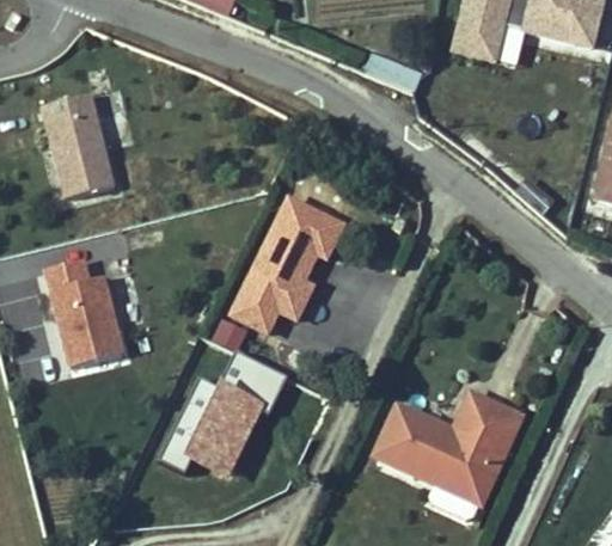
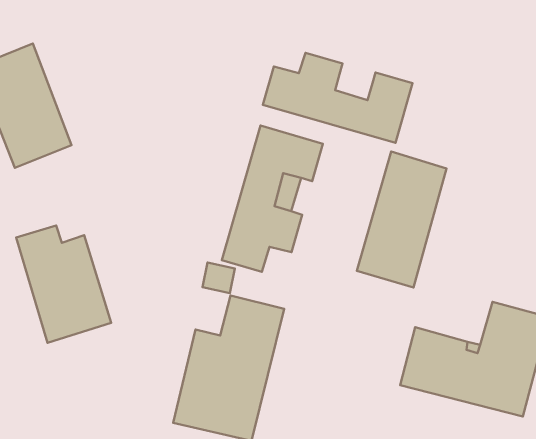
building: none -> [263,53,412,143]
building: none -> [357,152,447,288]

